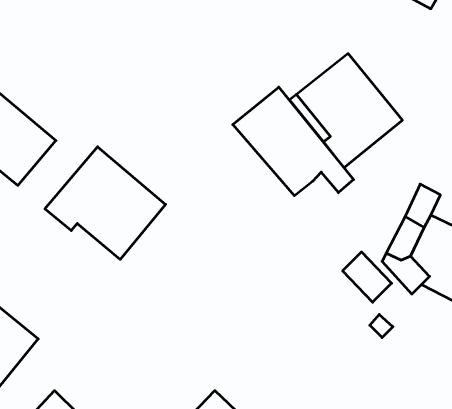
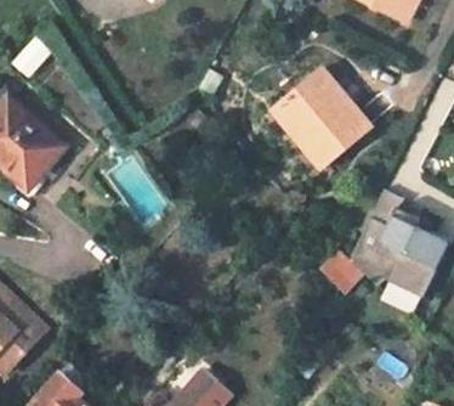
building: [233,87,354,196] -> none
building: [45,147,166,259] -> none

